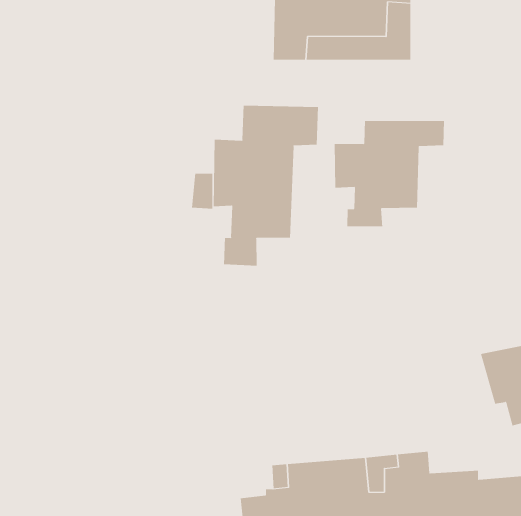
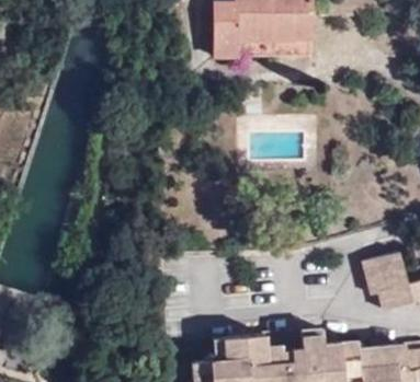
building: [213,105,319,266] -> none
building: [334,120,444,227] -> none

